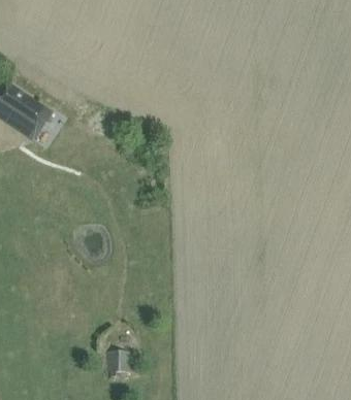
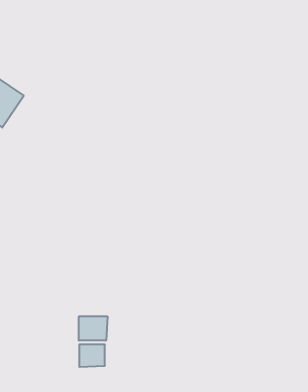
building: none -> [79,316,107,341]

